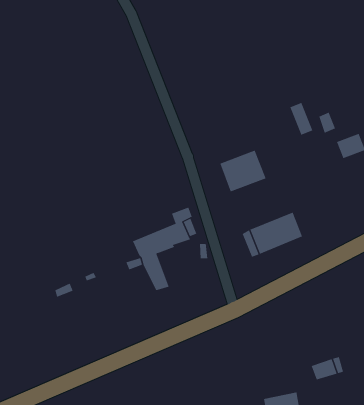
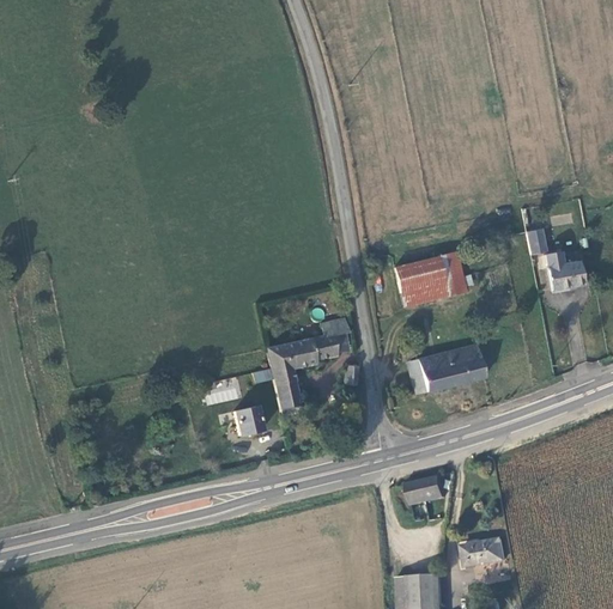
building: [289,102,313,135] -> [441,255,466,297]
building: none -> [233,407,261,434]
building: none -> [409,473,447,501]

